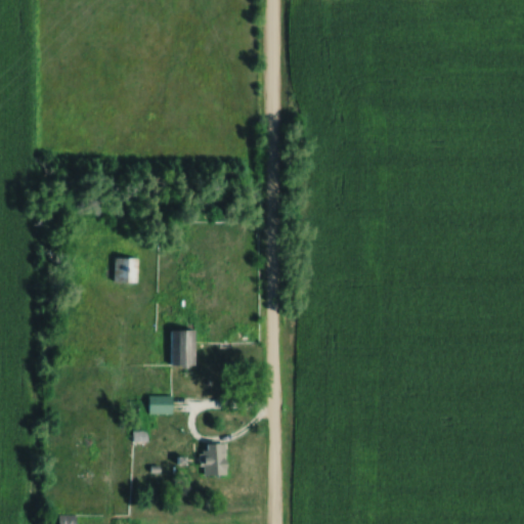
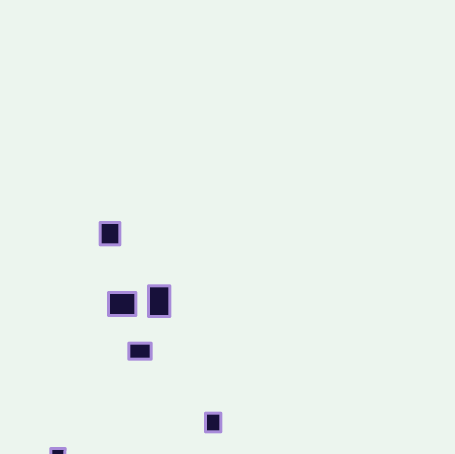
building: none -> [109,293,136,316]
building: [210,444,227,466] -> [205,413,221,432]

